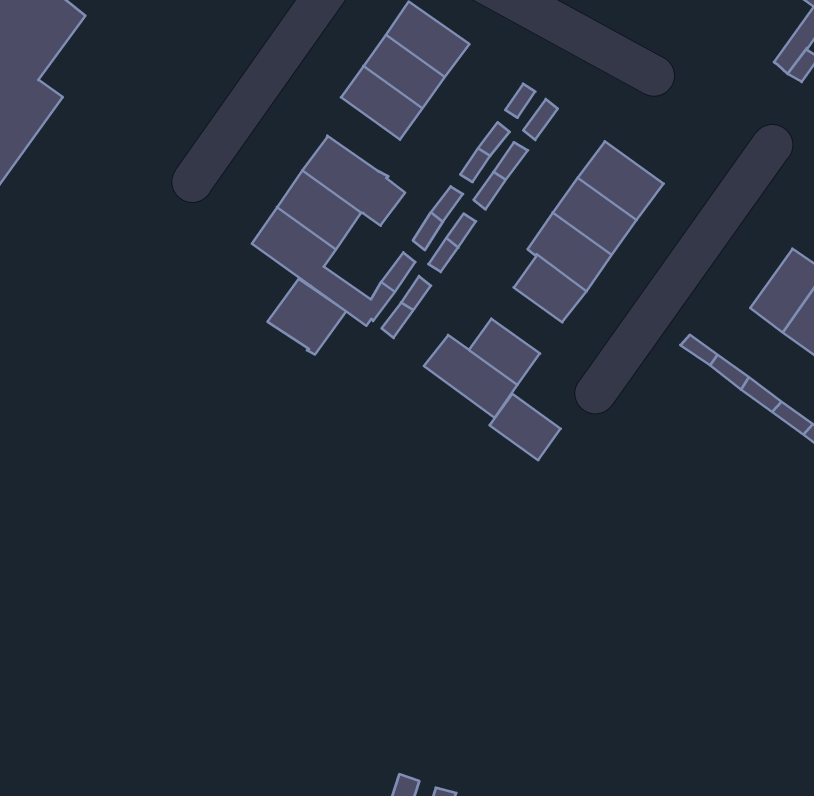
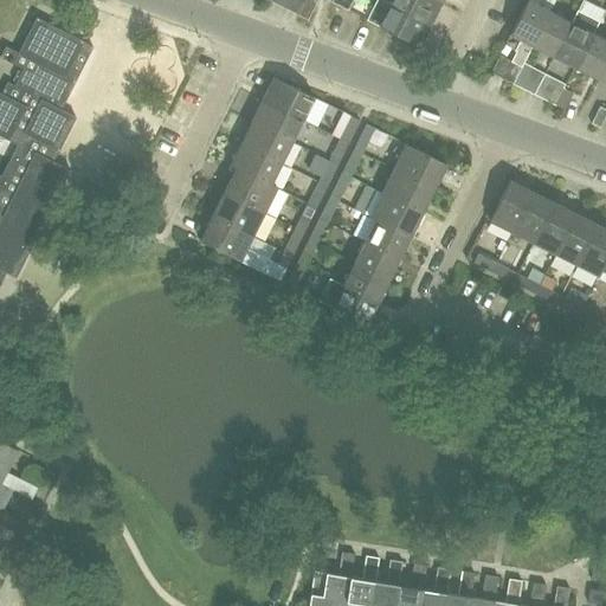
building: none -> [230,143,281,185]
building: none -> [489,181,531,232]
building: [268,279,346,354] -> none
building: [490,394,561,460] -> [354,243,398,281]

